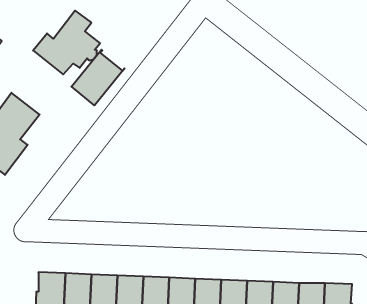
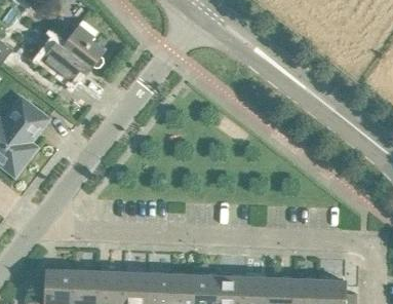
building: [71,50,125,105] -> none

